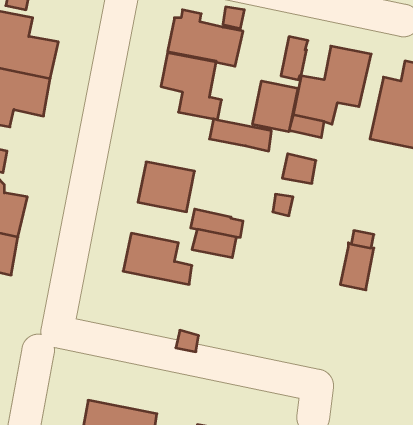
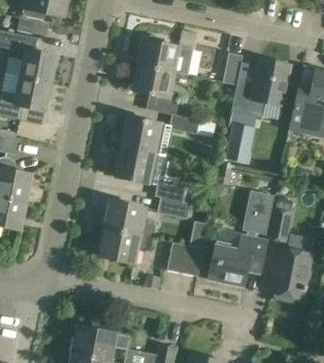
building: [253,81,298,132] -> none
building: none -> [122,115,165,153]
building: none -> [210,189,274,284]
building: none -> [100,228,154,262]
building: none -> [168,242,203,276]
building: none -> [272,246,312,302]

